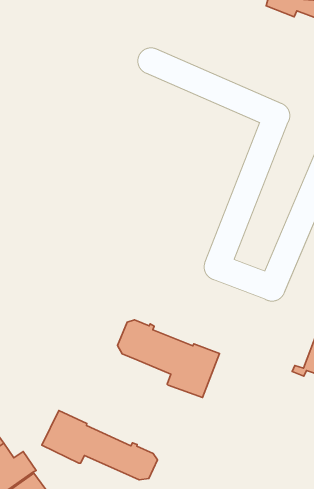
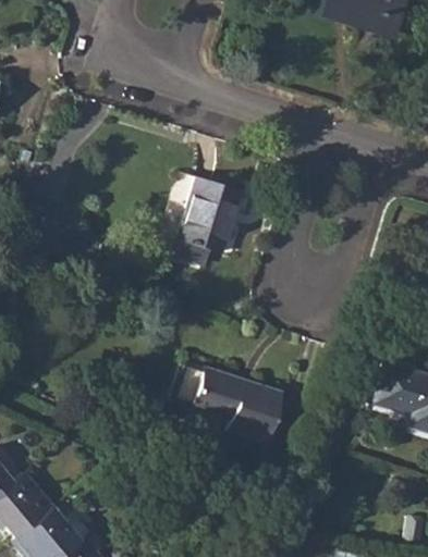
building: none -> [176,177,242,267]
building: [42,411,157,480] -> none

